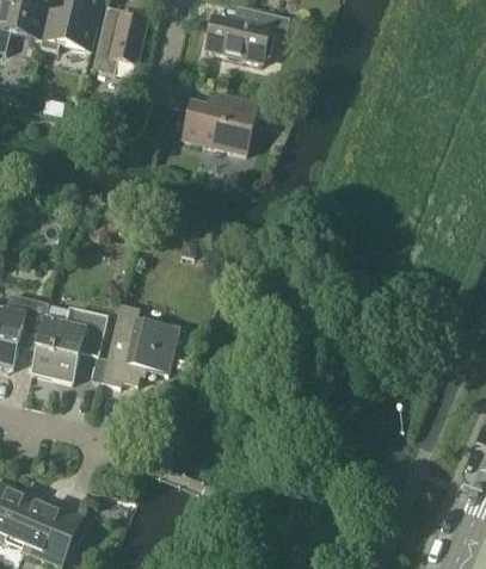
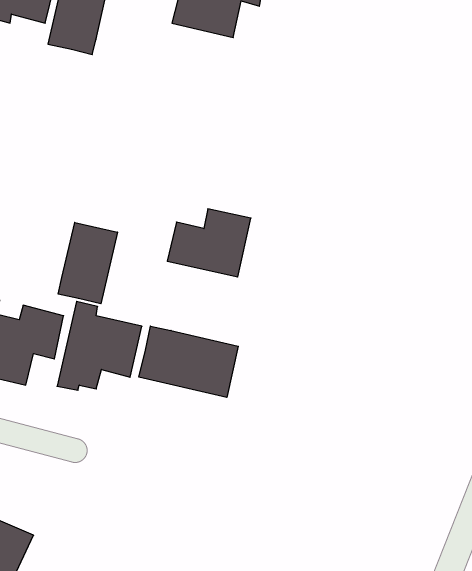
building: [182,91,258,153] -> [167,209,251,277]
building: none -> [58,222,117,304]
building: none -> [139,326,238,397]

